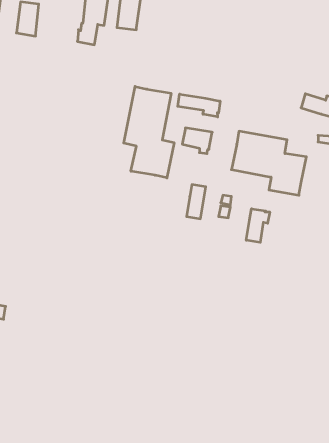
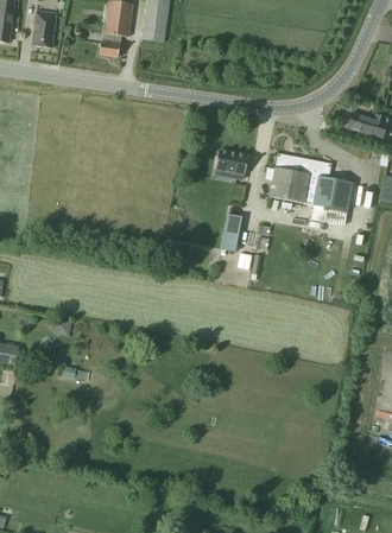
building: [124,86,174,178] -> none
building: [178,94,220,117] -> none
building: [246,209,270,242] -> none

